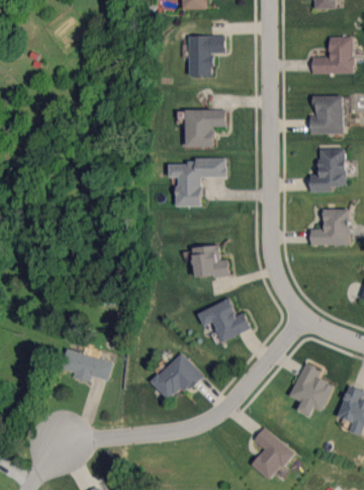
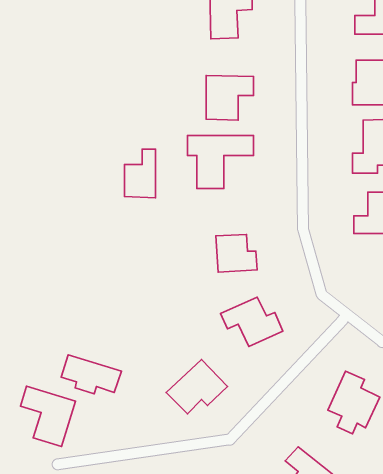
building: none -> [125,149,156,198]
building: none -> [20,386,75,446]

